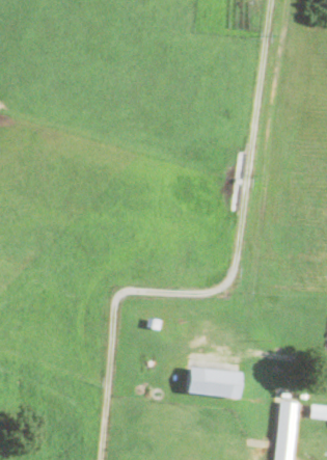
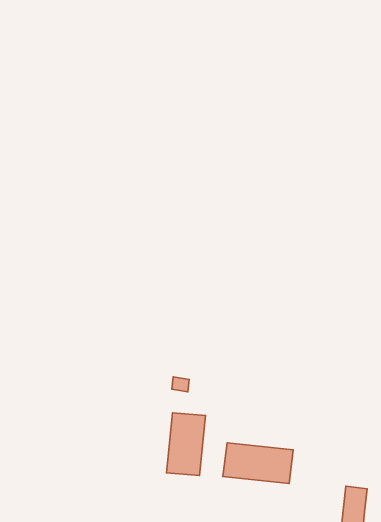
building: none -> [166,413,206,476]

